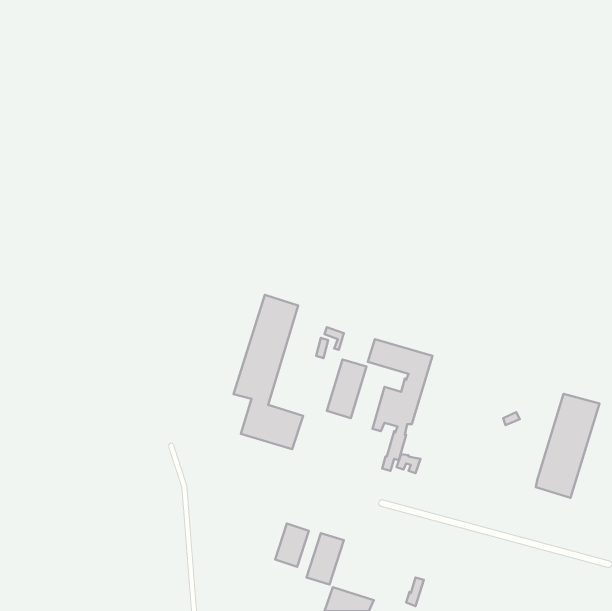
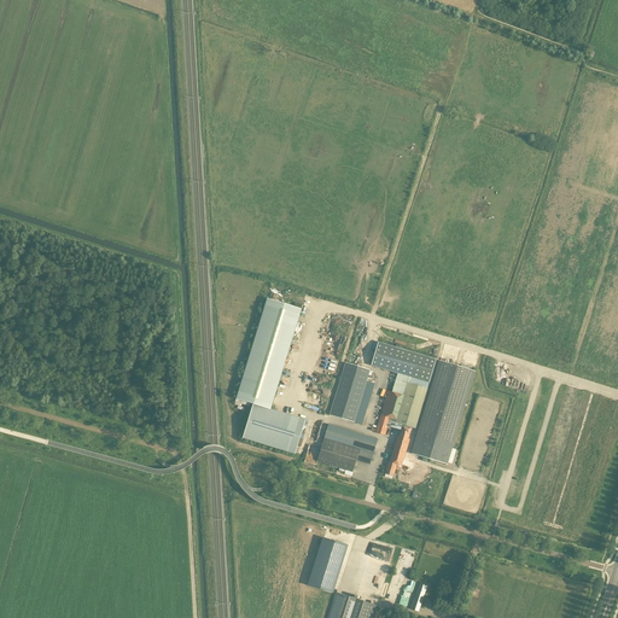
building: [536,394,599,498] -> [412,358,476,464]
building: none -> [317,424,377,471]
building: [275,524,309,567] -> none

